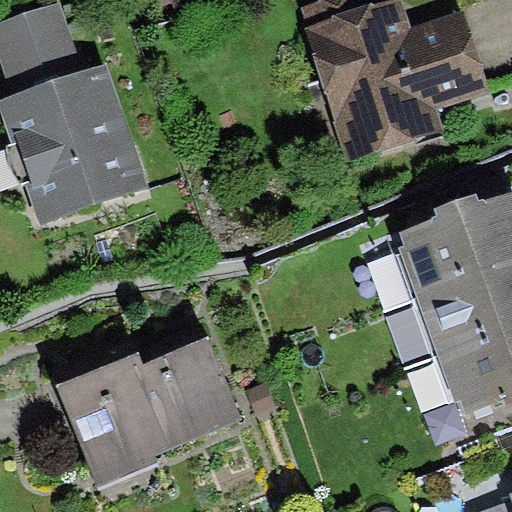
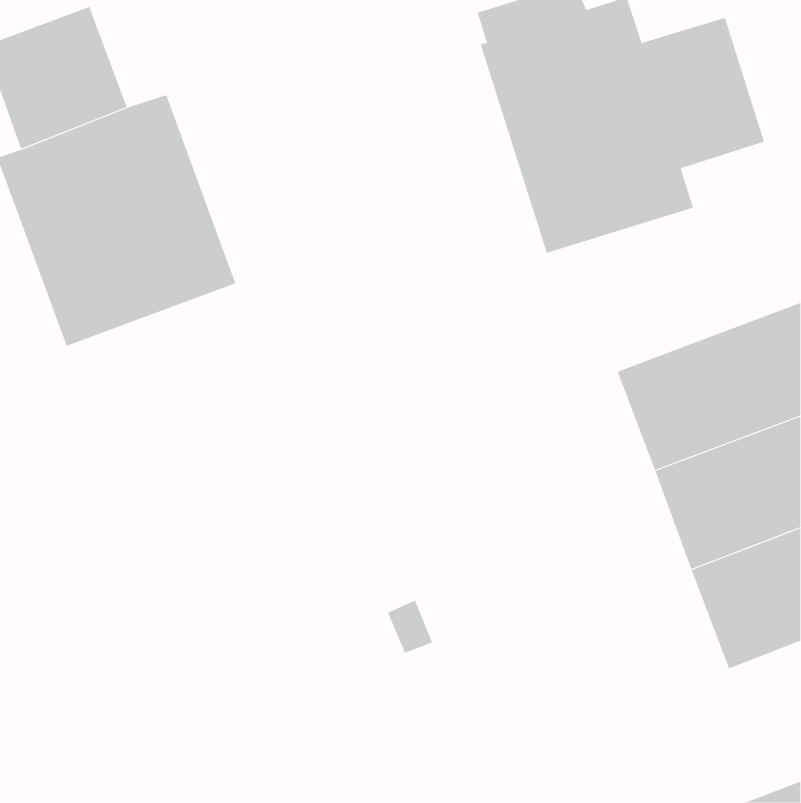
building: [53,338,242,487] -> none

